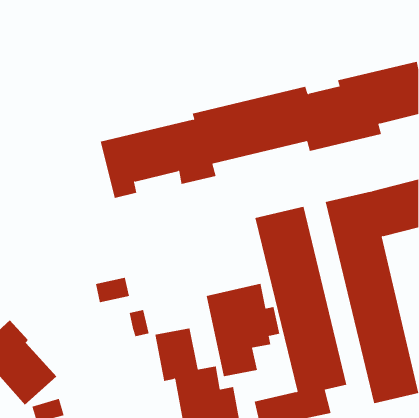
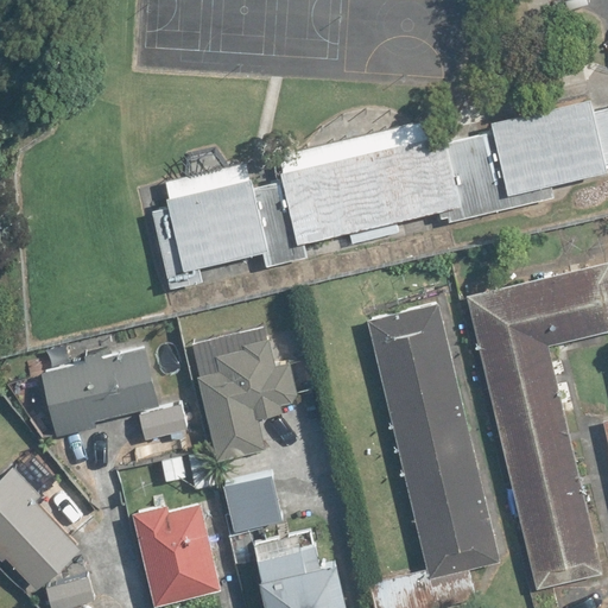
building: none -> [42,347,160,438]
building: [206,283,280,377] -> [190,327,297,461]
building: none -> [134,504,220,601]

